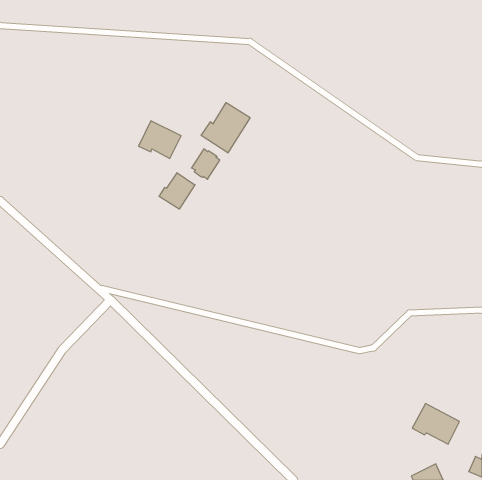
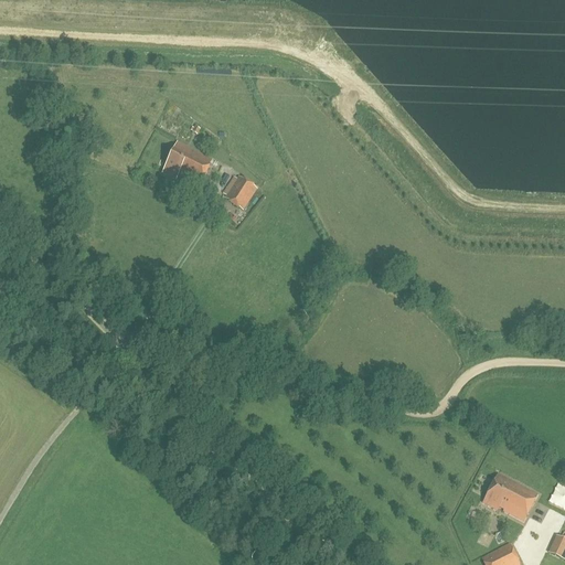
building: [201,103,250,153] -> none
building: [159,173,195,209] -> none

